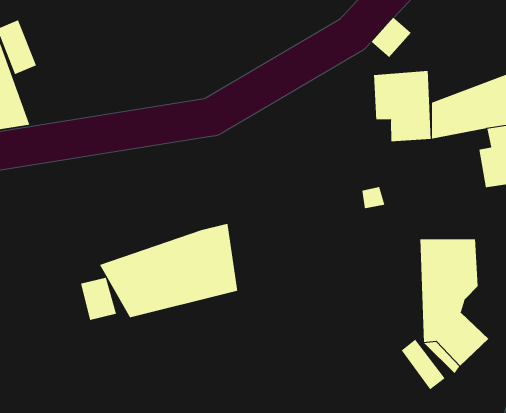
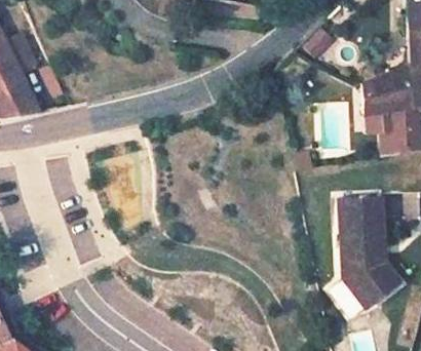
building: [373,70,431,142] -> none
building: [99,223,238,318] -> none

